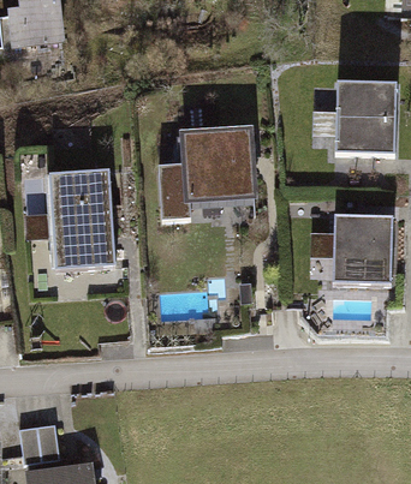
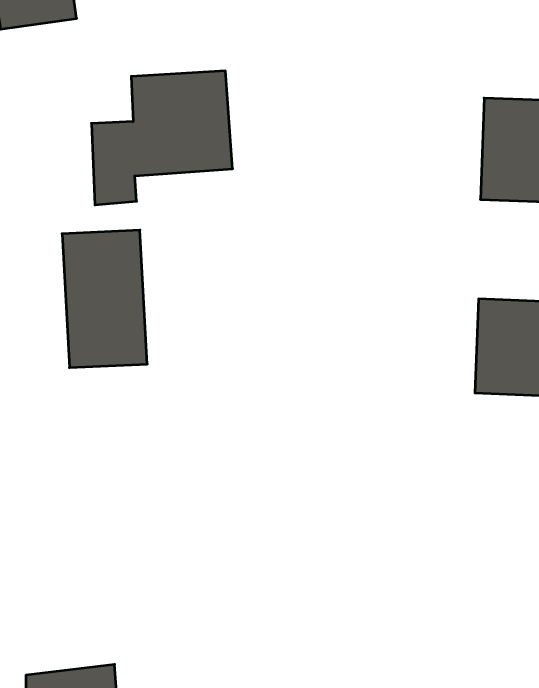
building: [160,131,254,220] -> [91,71,233,205]
building: [18,422,58,460] -> none

